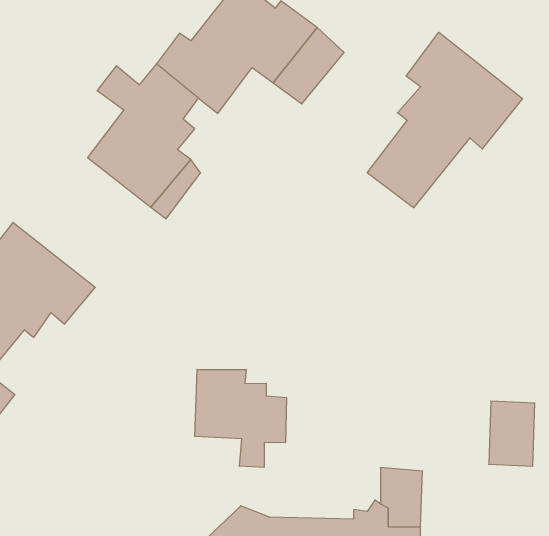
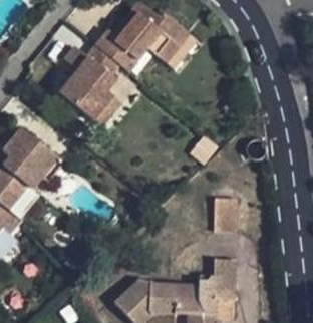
building: [367,32,523,208] -> none
building: [195,369,286,467] -> none
building: [489,401,535,466] -> [214,197,238,231]

